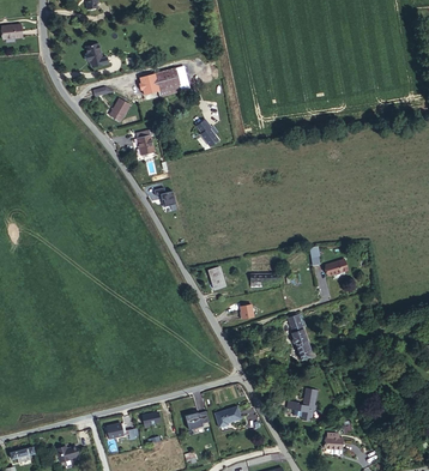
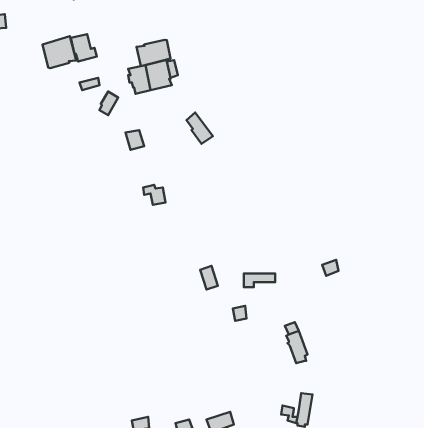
building: none -> [42,36,76,68]
building: none -> [136,40,171,66]

